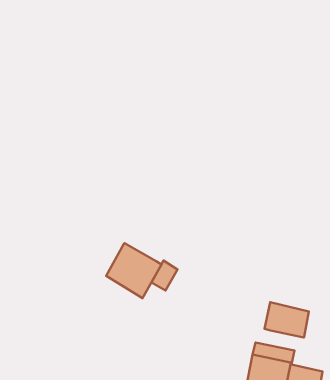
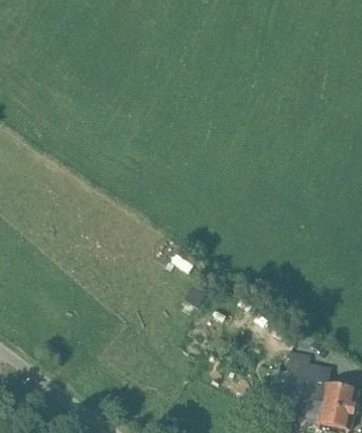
building: [106,243,161,298] -> none
building: [265,302,309,338] -> none

